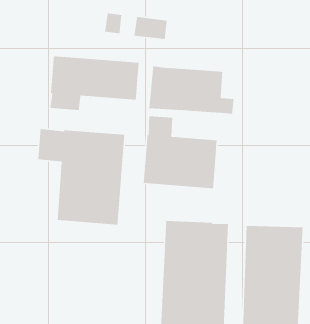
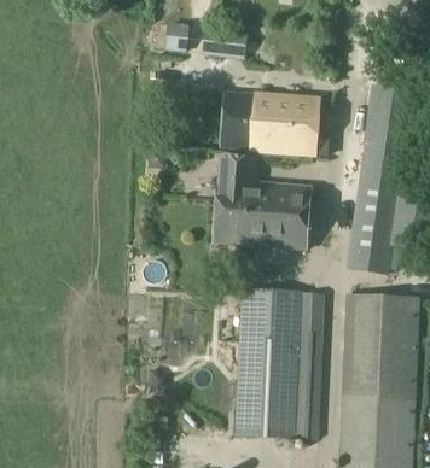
building: [50,55,139,111] -> none
building: none -> [347,83,414,274]
building: [37,128,125,225] -> none

